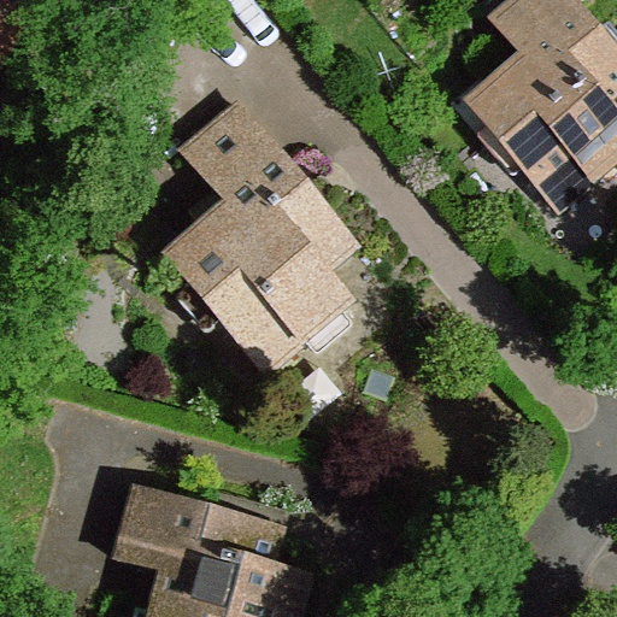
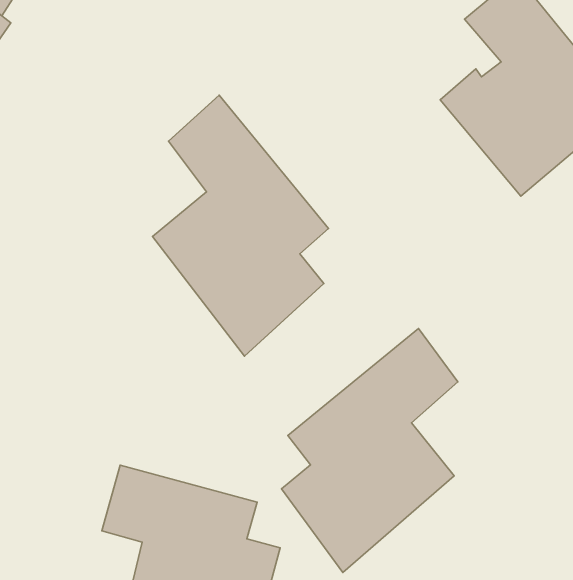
building: none -> [281,329,458,573]

